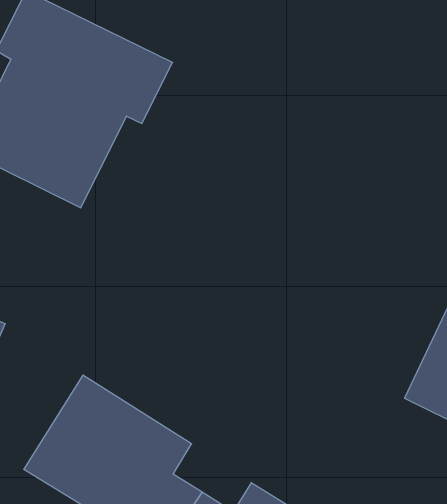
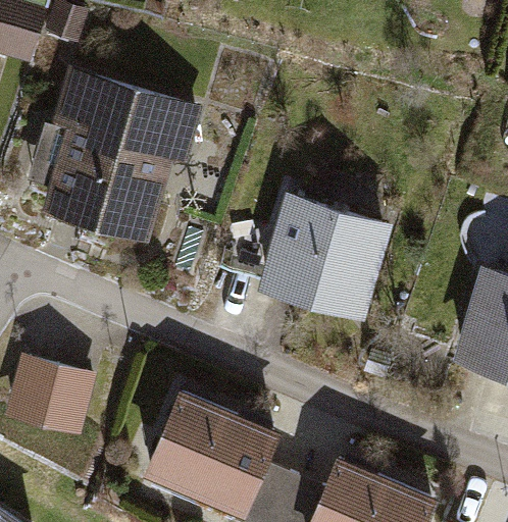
building: none -> [259,197,390,319]

